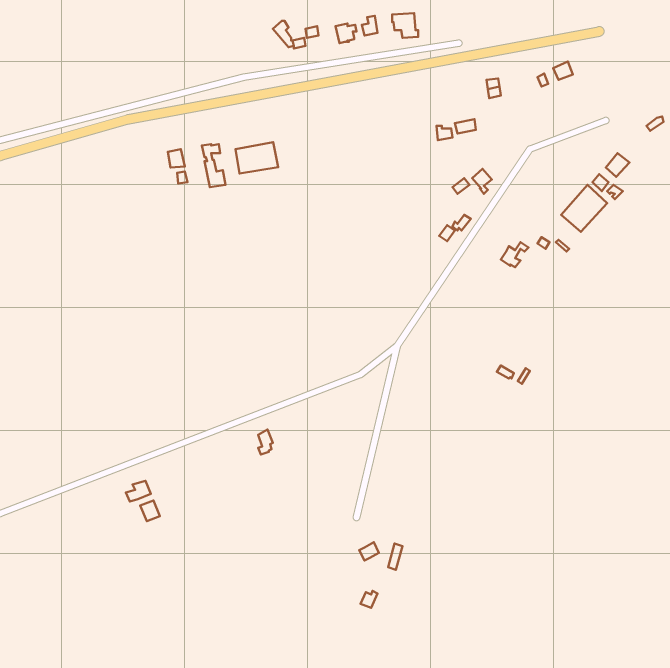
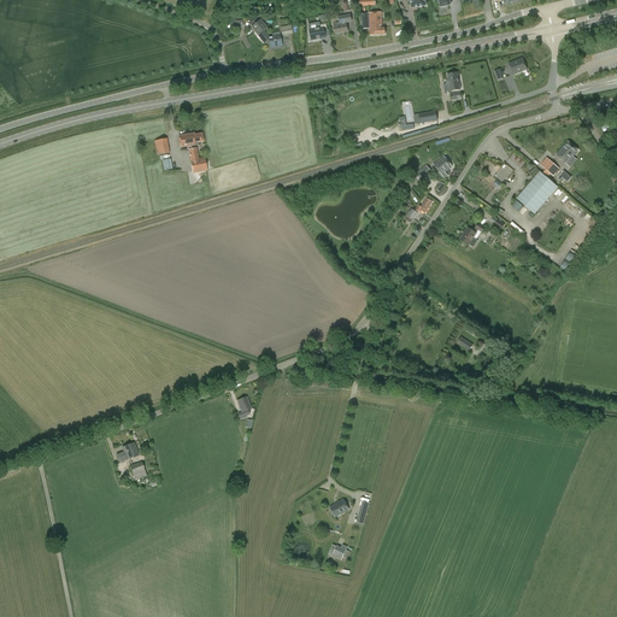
building: [235,142,278,174] -> none

